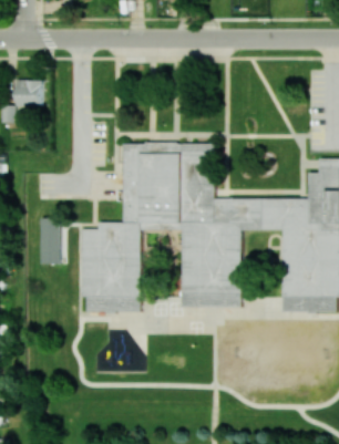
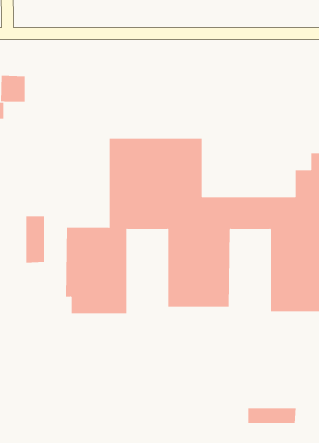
building: none -> [248,408,296,424]

